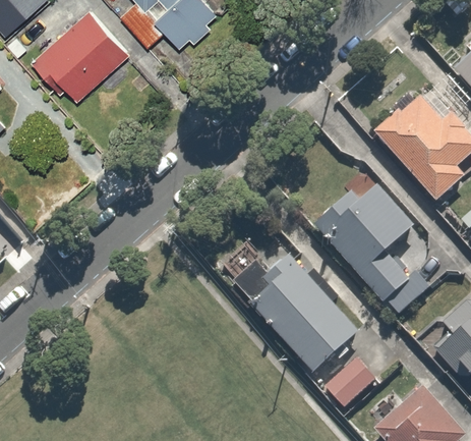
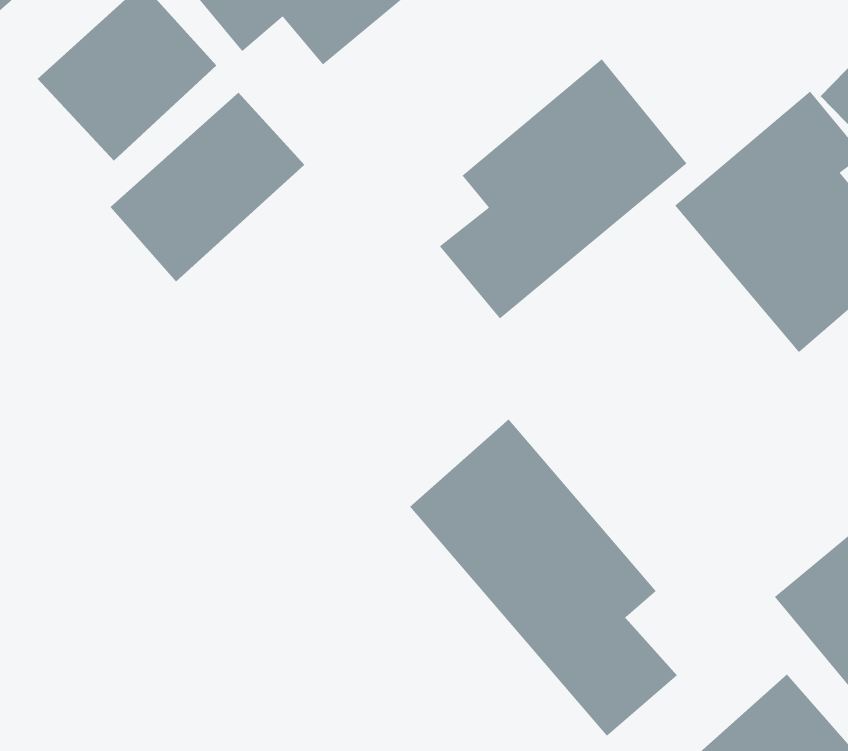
building: none -> [439,58,687,320]
building: none -> [110,92,305,282]
building: [313,180,425,316] -> none

